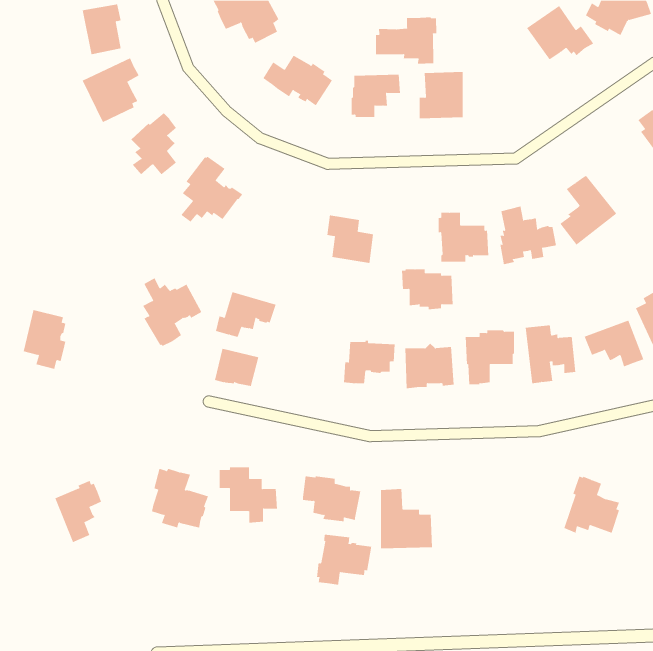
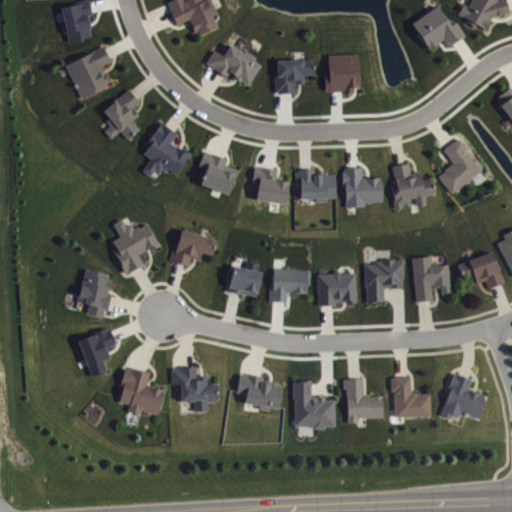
building: [375,17,437,65] -> none
building: none -> [199,152,237,194]
building: [401,269,454,310] -> [295,170,336,202]
building: [23,309,66,369] -> [77,269,111,316]
building: [214,348,259,387] -> [227,266,262,296]
building: none -> [391,377,430,417]
building: [54,480,102,543] -> [78,327,115,376]
building: none -> [343,379,382,423]
building: [316,534,372,585] -> none

